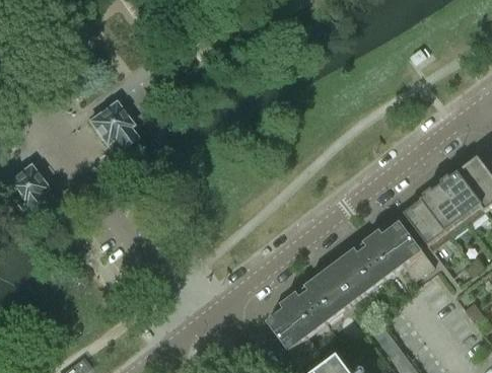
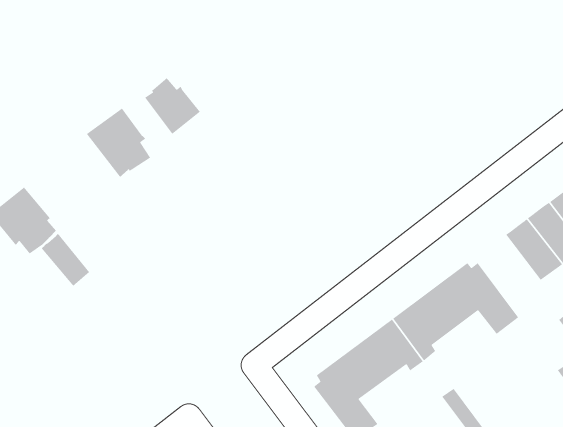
building: none -> [144,77,201,135]
building: none -> [41,233,90,287]
building: [404,200,450,251] -> none

